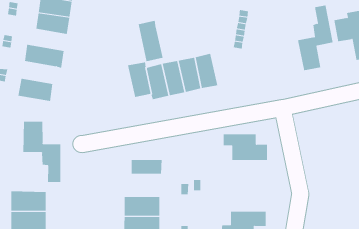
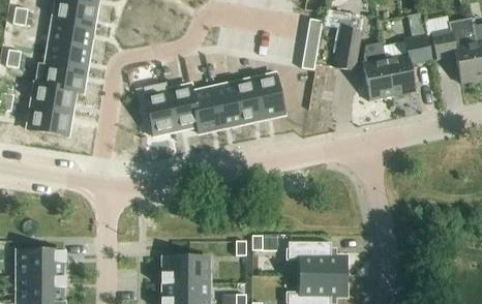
building: none -> [336,28,361,70]
building: [138,20,163,62] -> [143,82,176,135]
building: none -> [362,41,393,100]
building: none -> [44,42,90,70]
building: none -> [30,84,76,113]
building: [23,121,61,183] -> none
building: [223,134,268,160] -> [288,242,345,276]
building: [131,159,162,174] -> none

